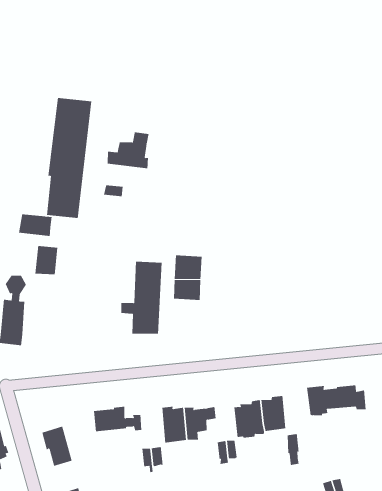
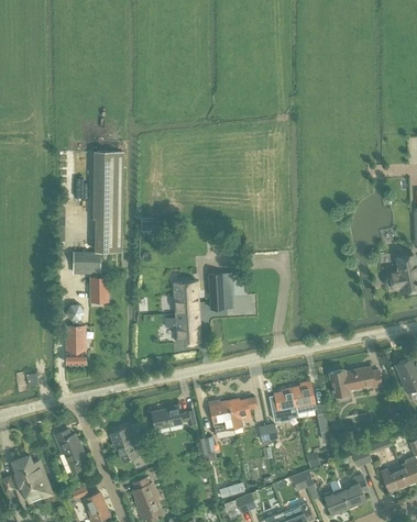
building: [107,132,149,169] -> none

